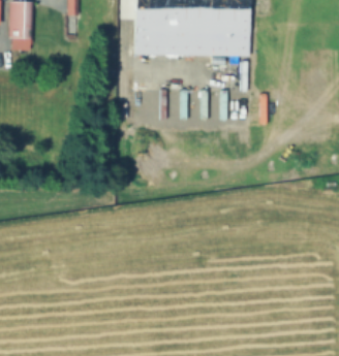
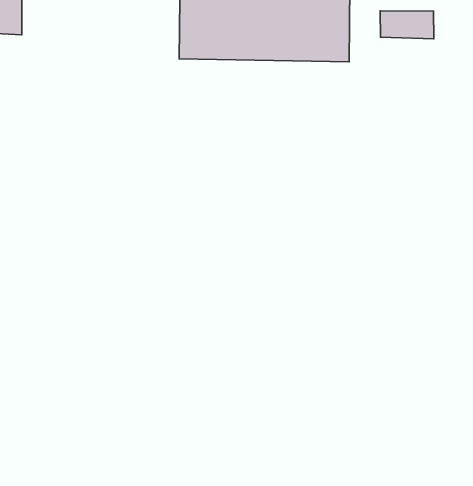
building: none -> [380,11,434,39]

